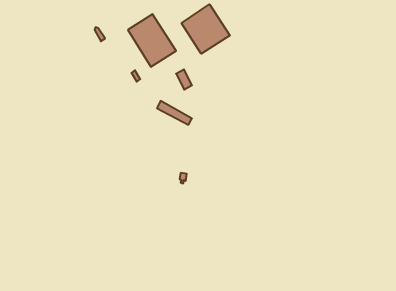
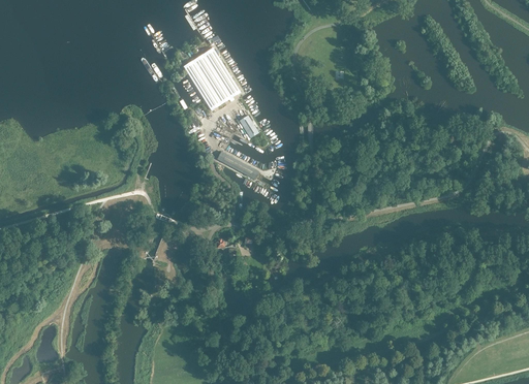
building: [182,4,230,54] -> none

